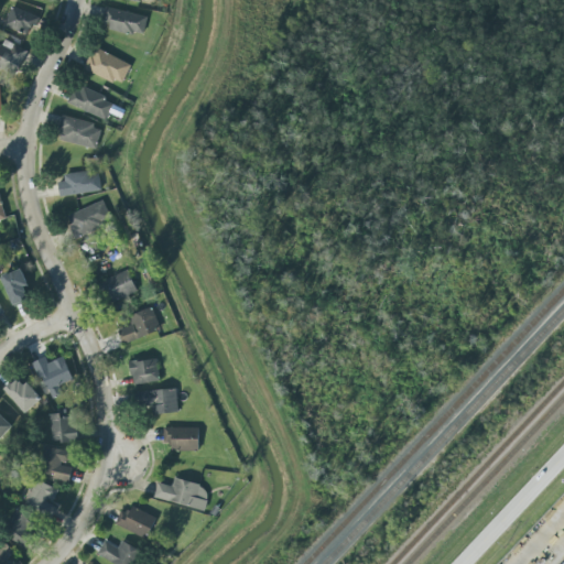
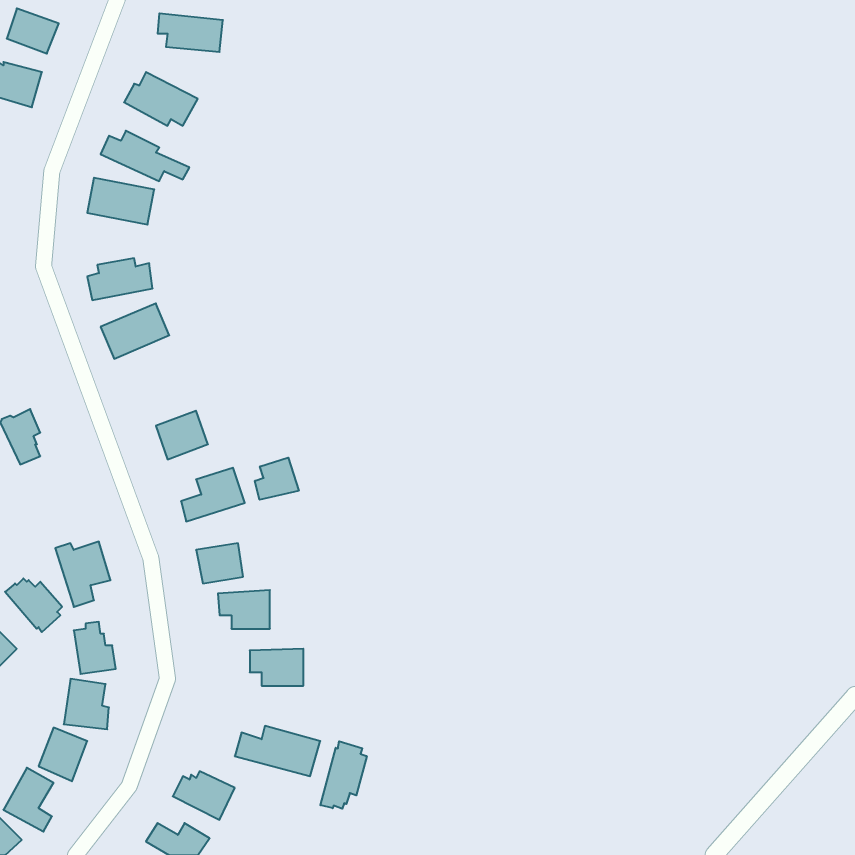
building: none -> [255,458,299,500]
building: none -> [320,741,367,809]

